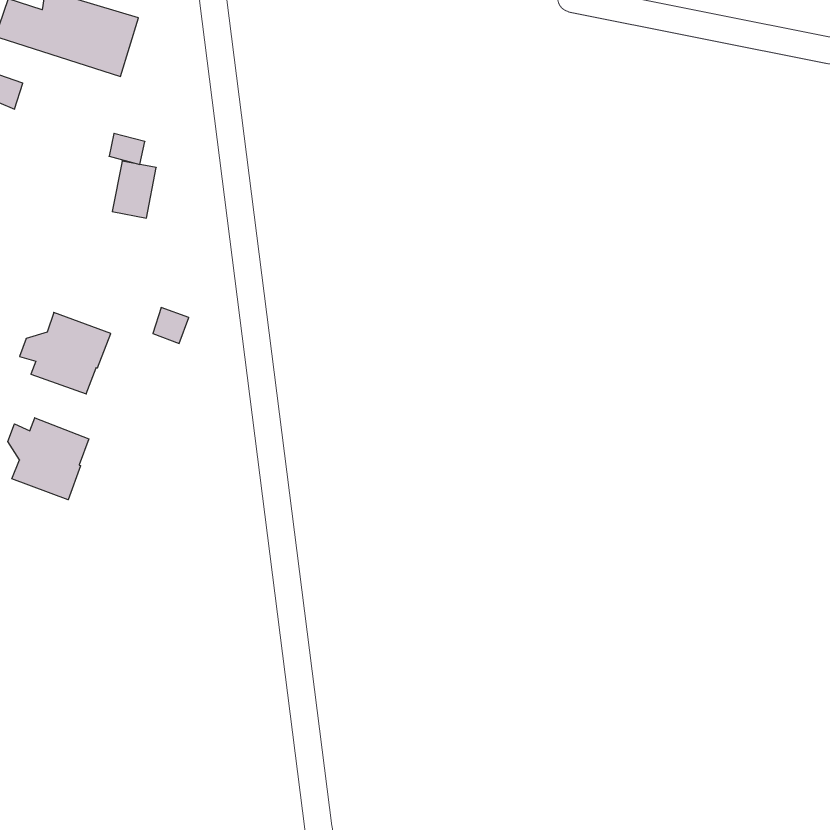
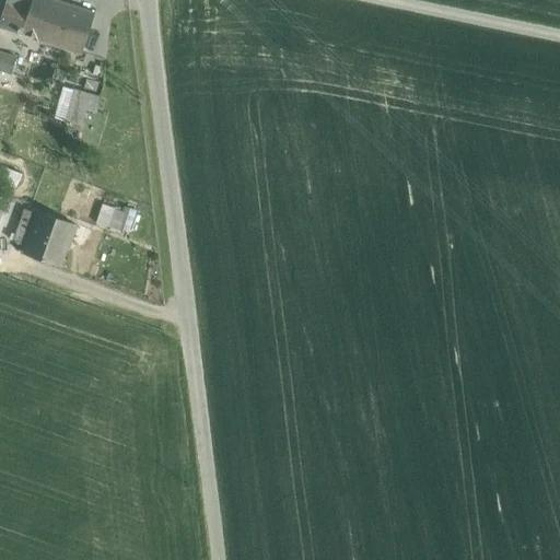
building: [8,418,89,500] -> none

